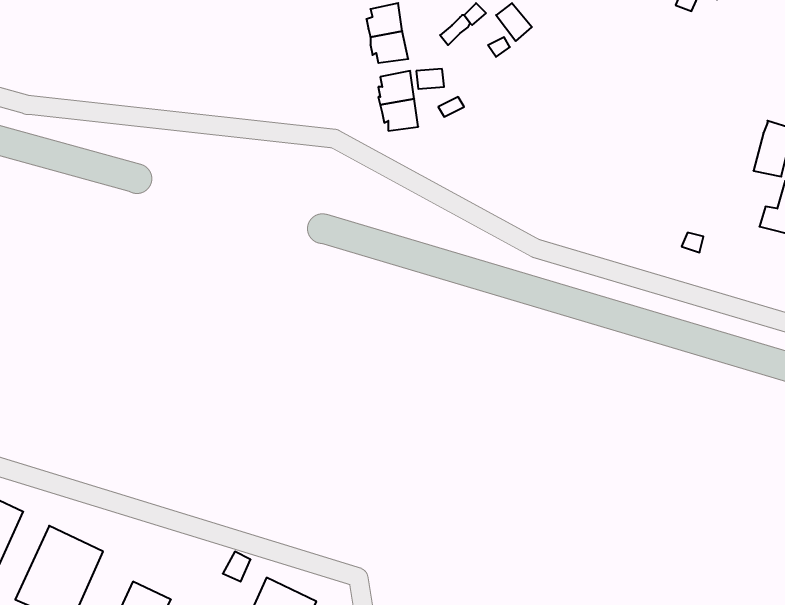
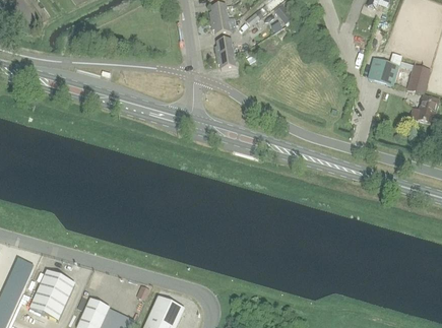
building: none -> [366,56,398,83]

